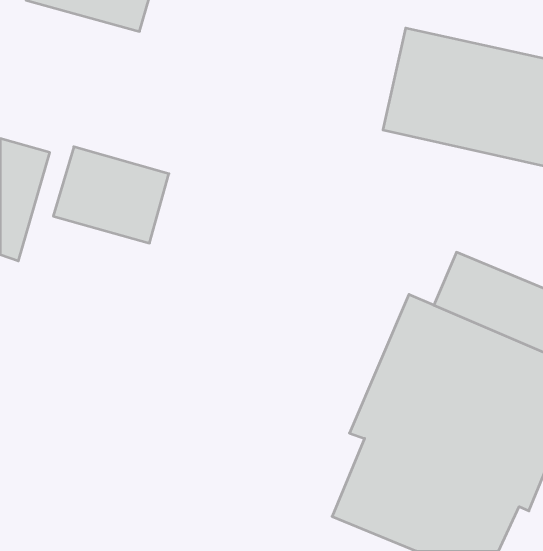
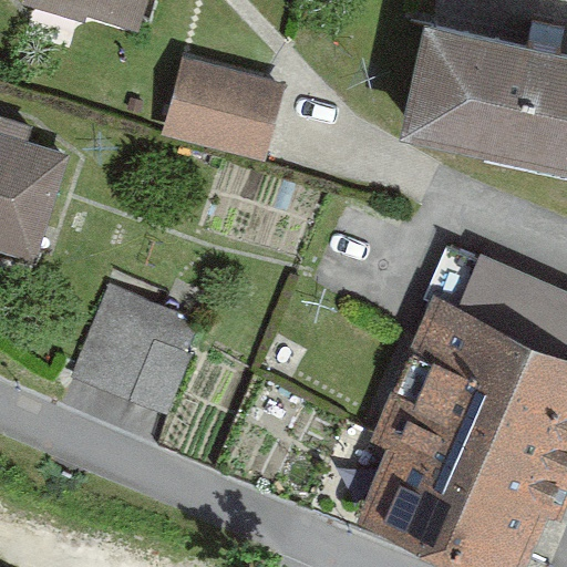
building: [53,147,169,243] -> [164,64,282,163]
building: none -> [84,274,217,405]

